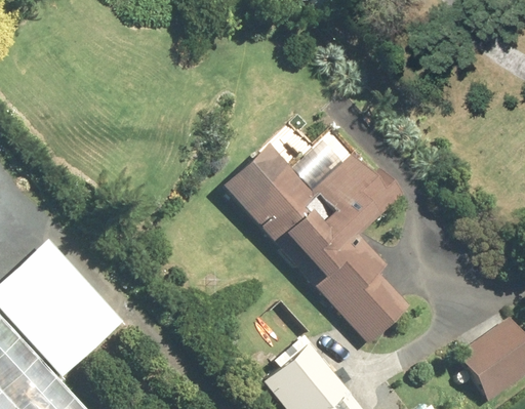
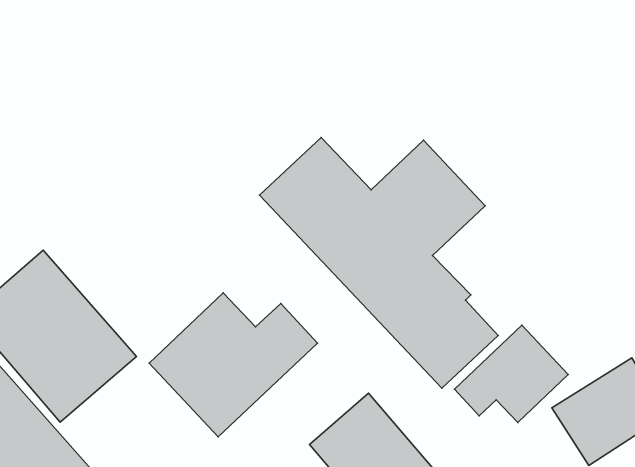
building: none -> [149,293,318,437]
building: none -> [454,325,568,423]

